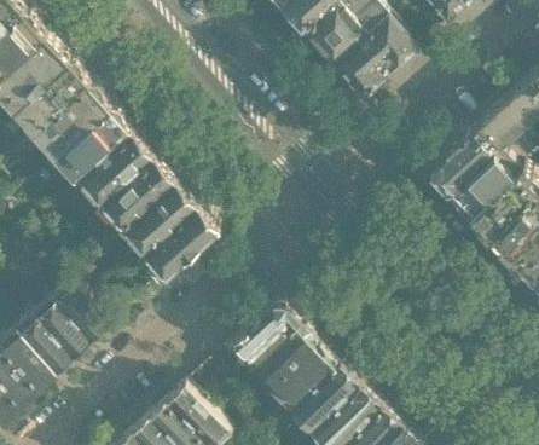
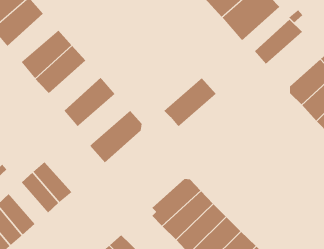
building: [15,64,91,137] -> none
building: none -> [254,19,303,64]
building: [70,134,153,209] -> none
building: [118,184,197,258] -> [164,78,217,127]
building: [17,316,75,377] -> none

